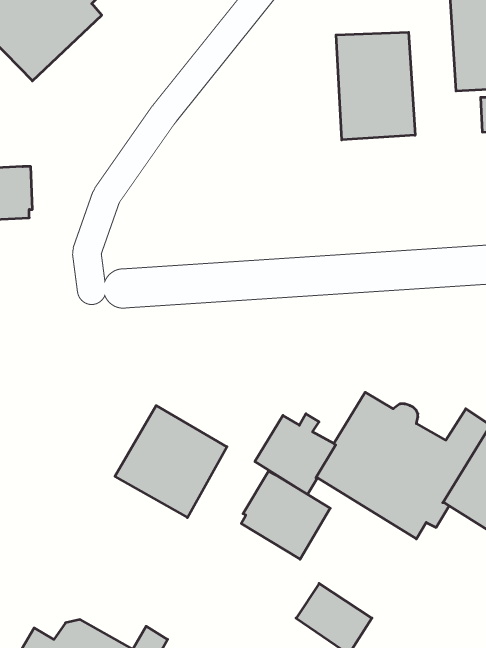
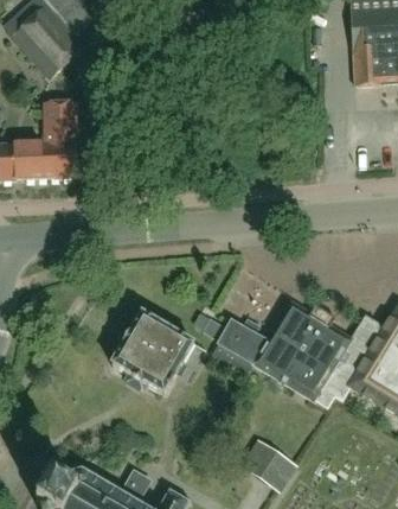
building: [336,32,415,140] -> none
building: none -> [44,103,77,178]
building: [241,471,330,559] -> none

